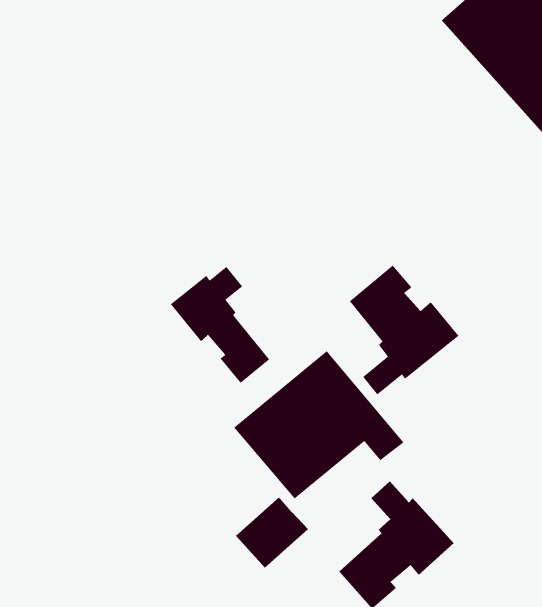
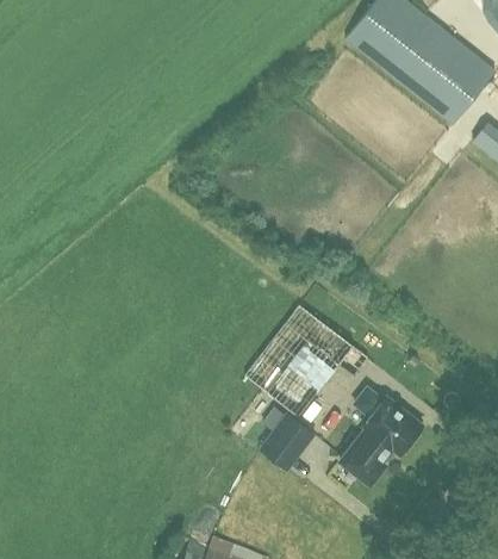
building: [349,265,459,396] -> none
building: [170,266,270,384] -> none

